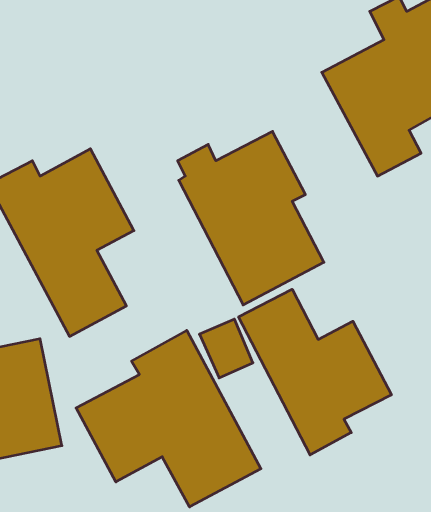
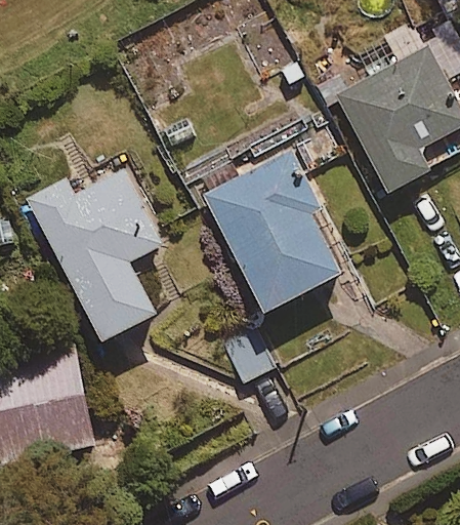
building: [239,289,391,455] -> none
building: [76,330,261,507] -> none

